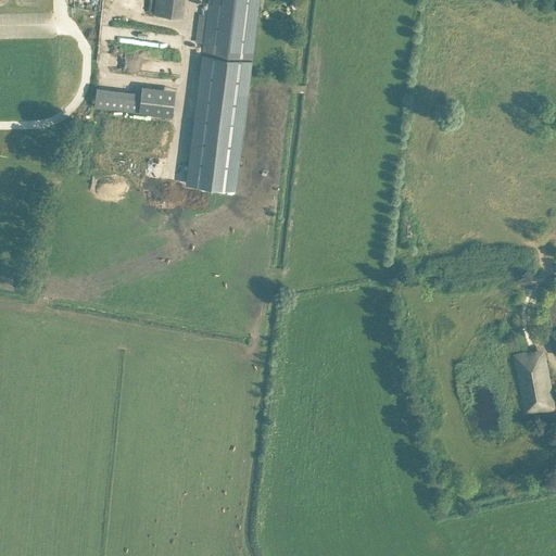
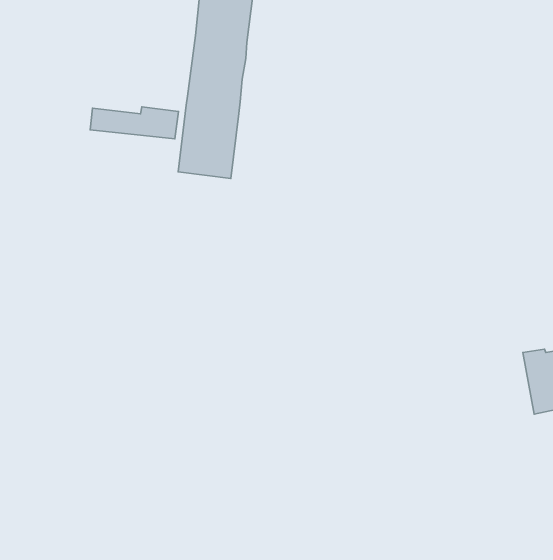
building: [97,87,180,117] -> [90,107,178,139]

